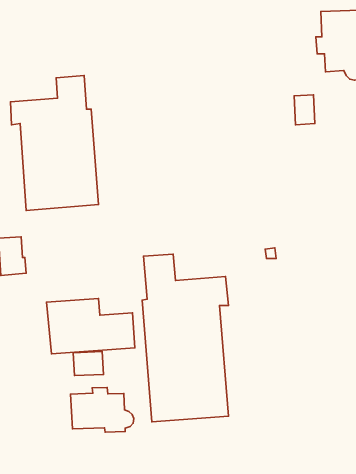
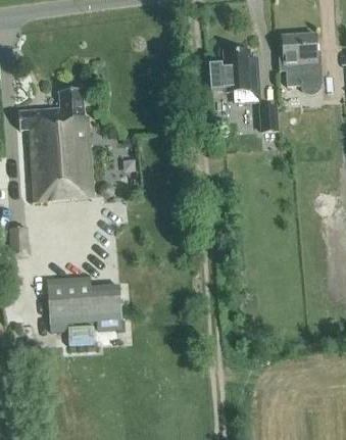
building: none -> [208,48,258,100]
building: [142,254,229,422] -> none
building: [70,388,134,432] -> none

